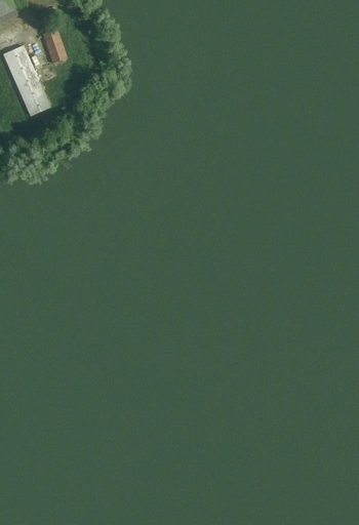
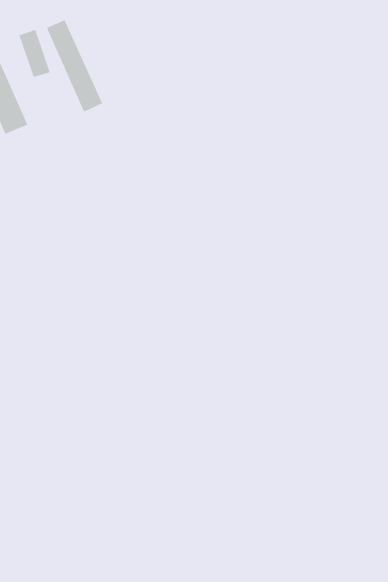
building: none -> [46,19,103,113]

